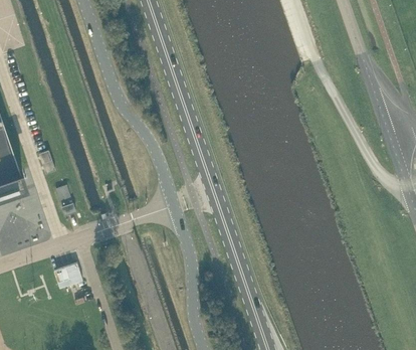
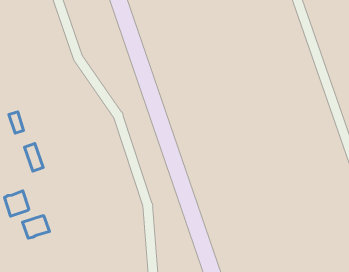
building: none -> [4,191,29,216]

